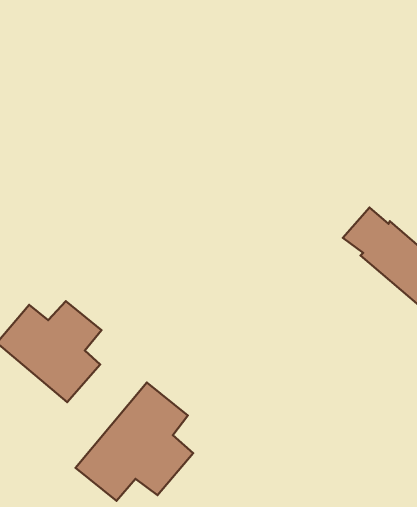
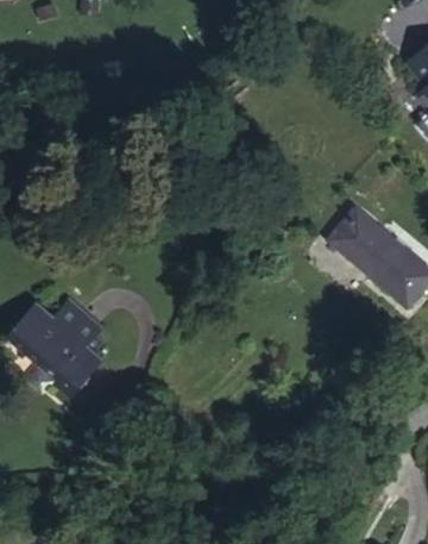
building: [75,382,193,501] -> none

